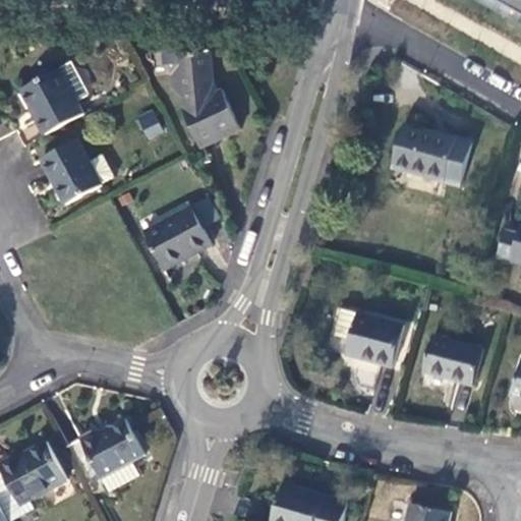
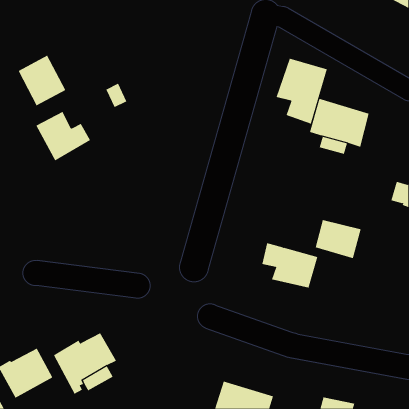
building: [169,51,240,146] -> none
building: none -> [276,58,327,124]
building: [144,207,213,269] -> none
building: [420,335,479,385] -> [315,219,362,259]

